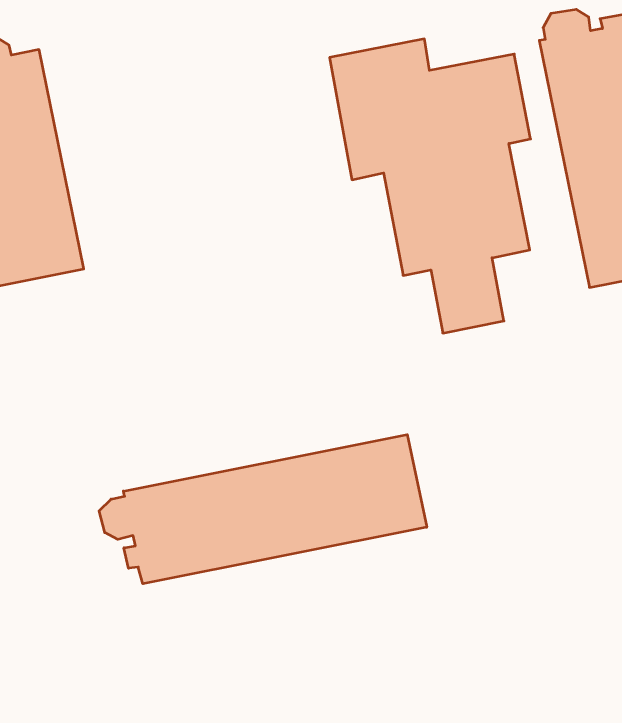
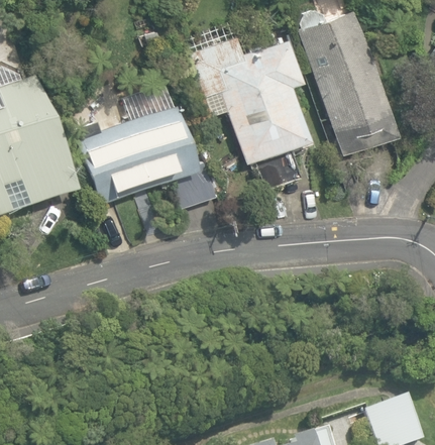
building: none -> [75,84,216,208]
building: [99,435,427,584] -> none

